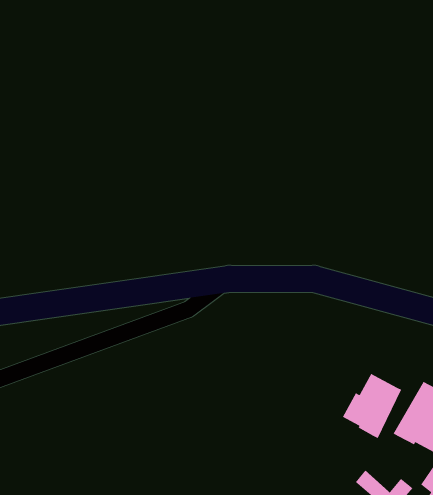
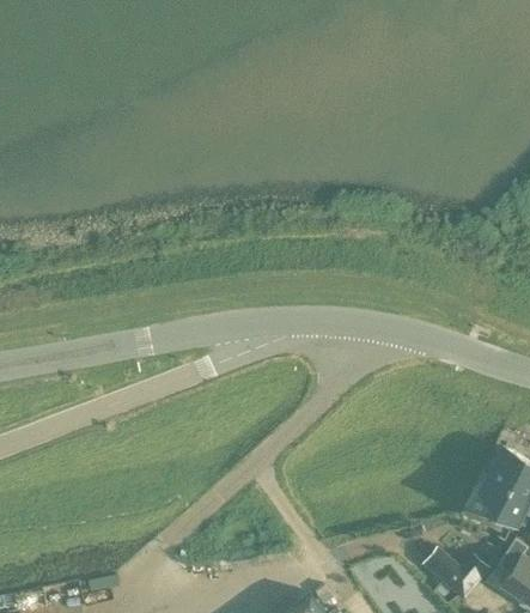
building: [342,373,403,439] -> none

